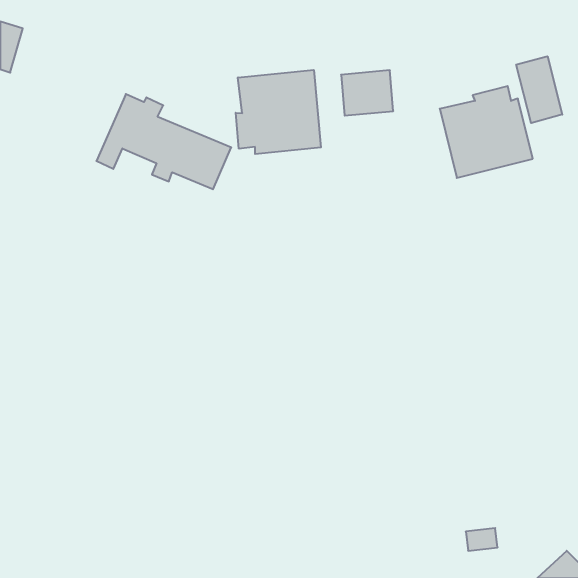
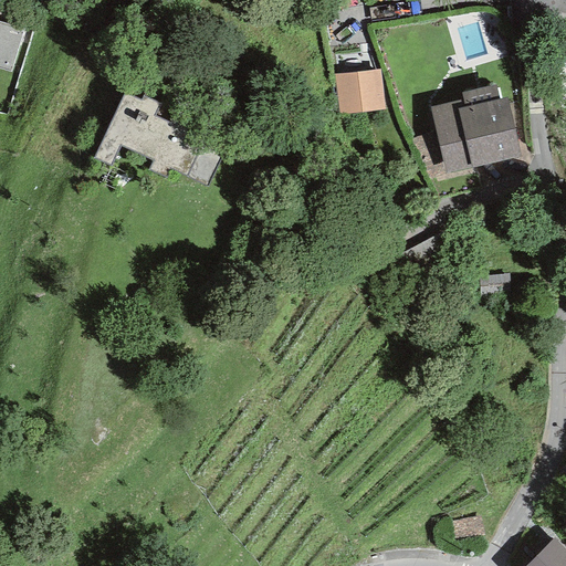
building: [516,56,562,123] -> none
building: [236,70,321,154] -> none

